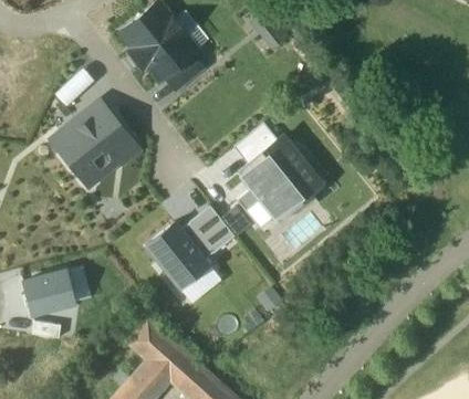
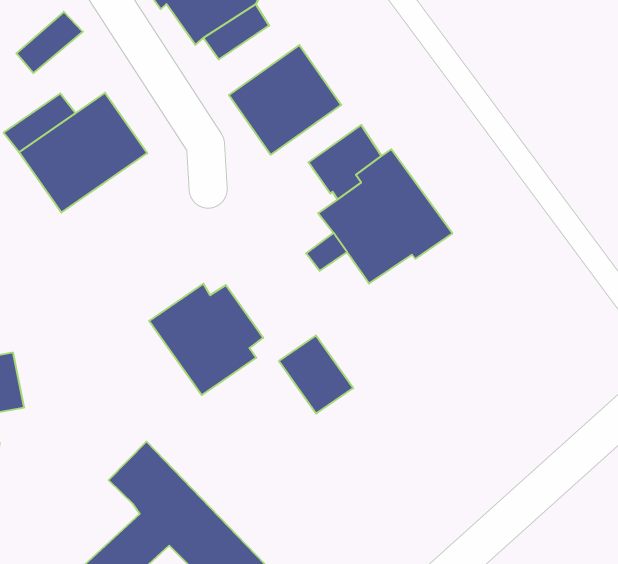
building: none -> [229,45,341,155]
building: [189,206,234,252] -> [279,335,353,414]

